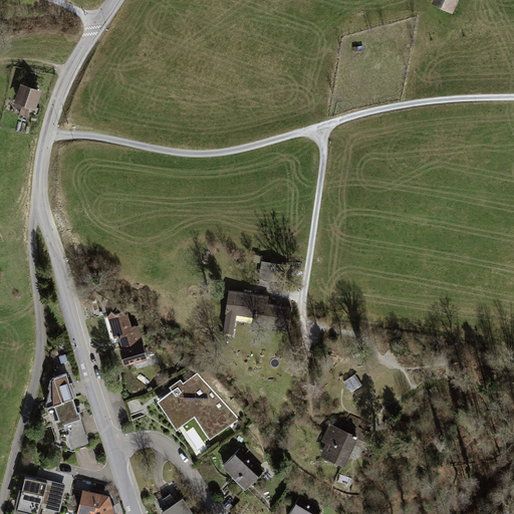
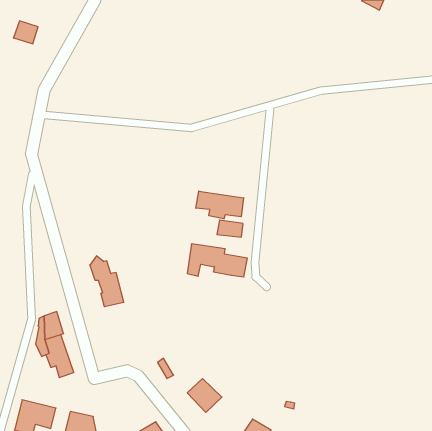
building: [11,84,40,111] -> [13,21,38,44]
building: none -> [196,191,244,219]
building: [157,376,238,441] -> none
building: [320,428,363,467] -> none

